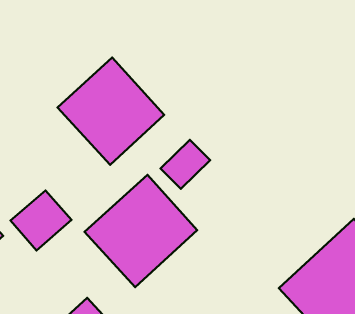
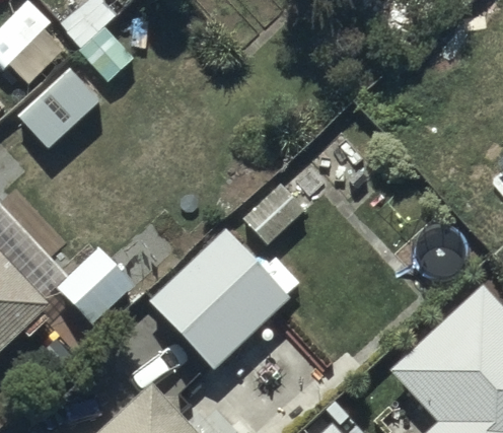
building: [58,58,164,165] -> none

